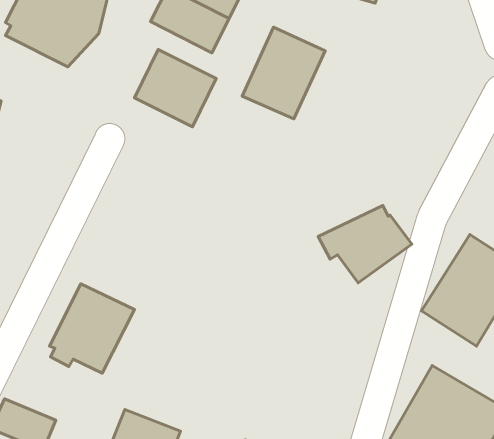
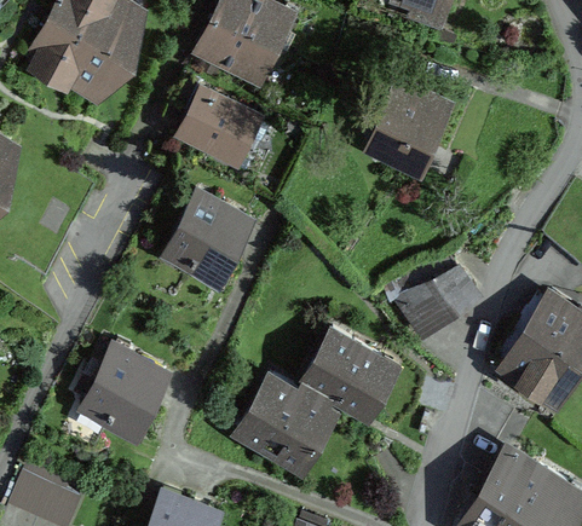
building: [242,27,325,119] -> [363,80,456,183]
building: none -> [160,192,255,294]
building: none -> [231,322,405,476]

